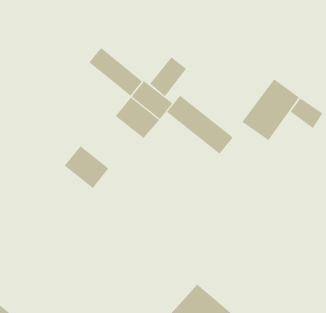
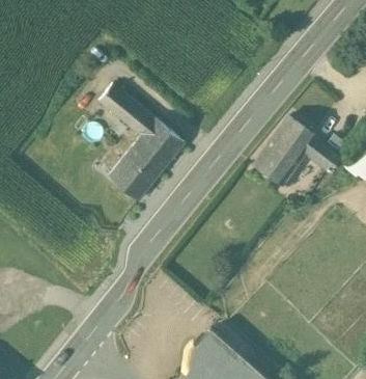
building: [149,56,187,97] -> none
building: [166,95,234,155] -> none
building: [64,145,109,189] -> [109,157,156,201]

